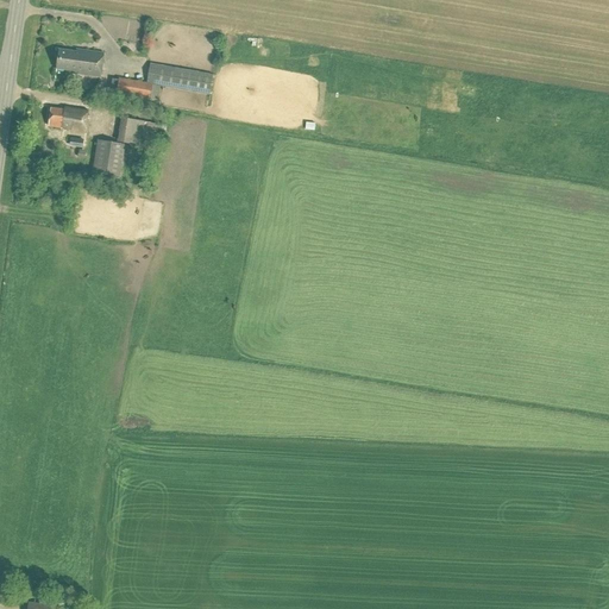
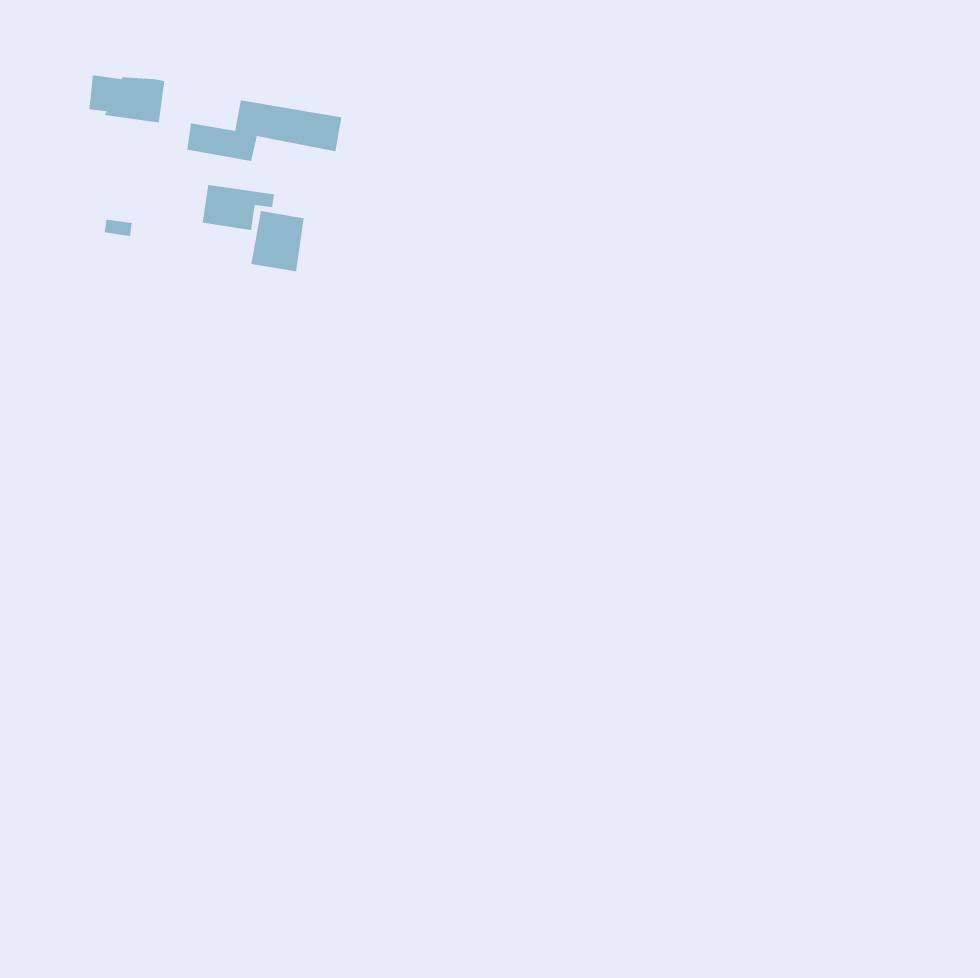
building: [48,105,87,131] -> none
building: [90,138,124,176] -> [251,210,304,272]

